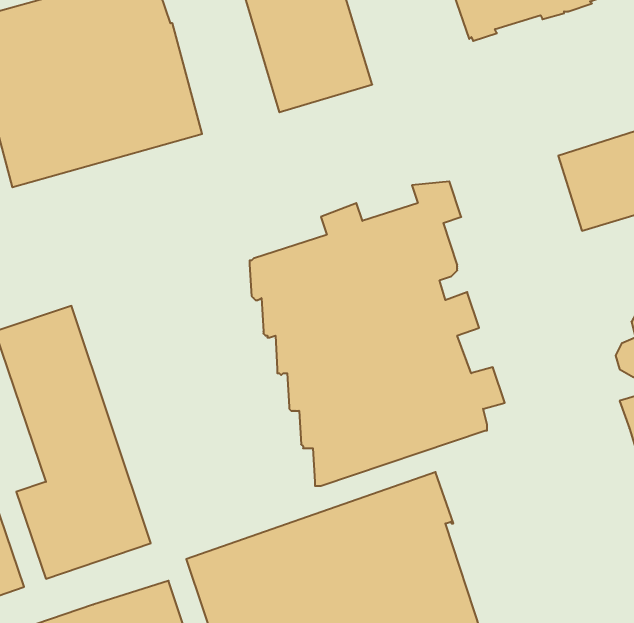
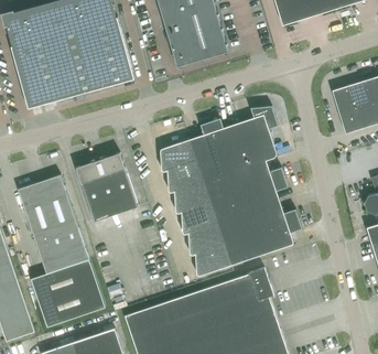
building: none -> [76,153,138,222]

